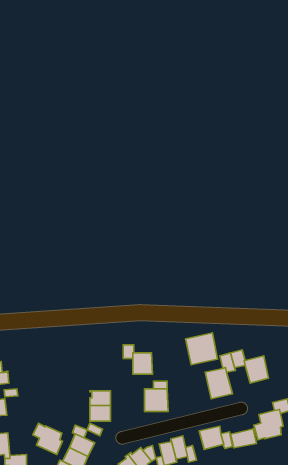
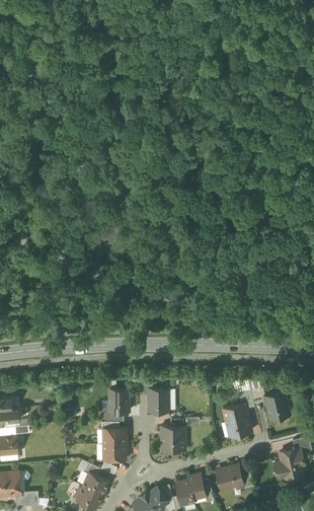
building: [185,333,217,365] -> none
building: none -> [103,390,129,423]
building: [33,423,63,454] -> none
building: [231,429,256,448] -> none

